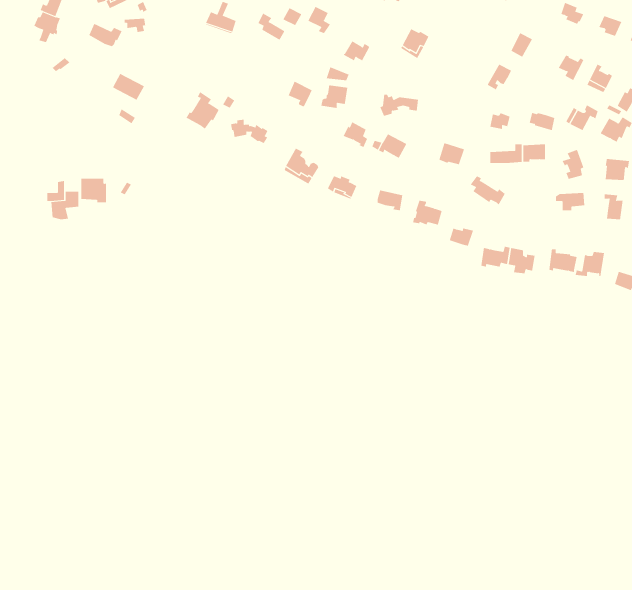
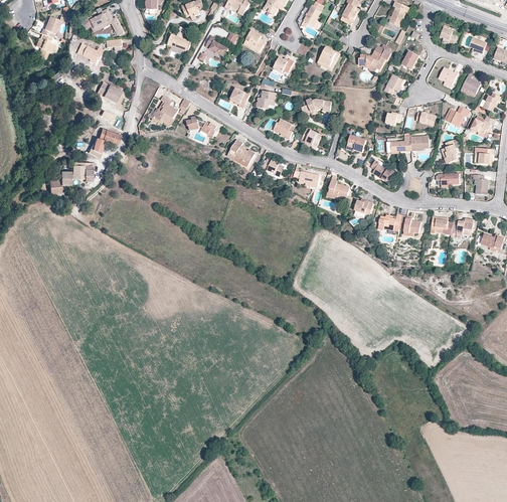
building: none -> [358,44,390,69]
building: none -> [88,128,120,158]

